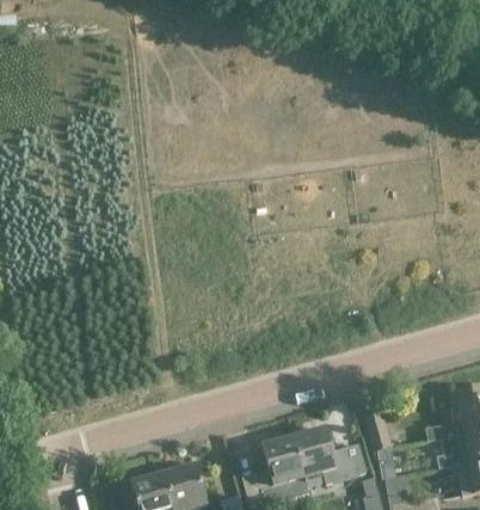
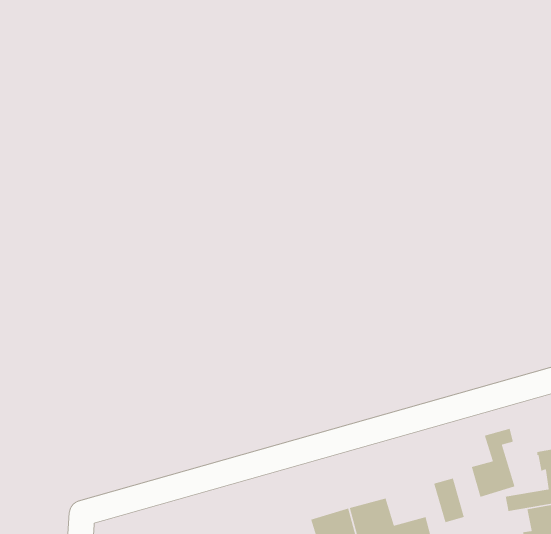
building: none -> [471,428,515,498]

